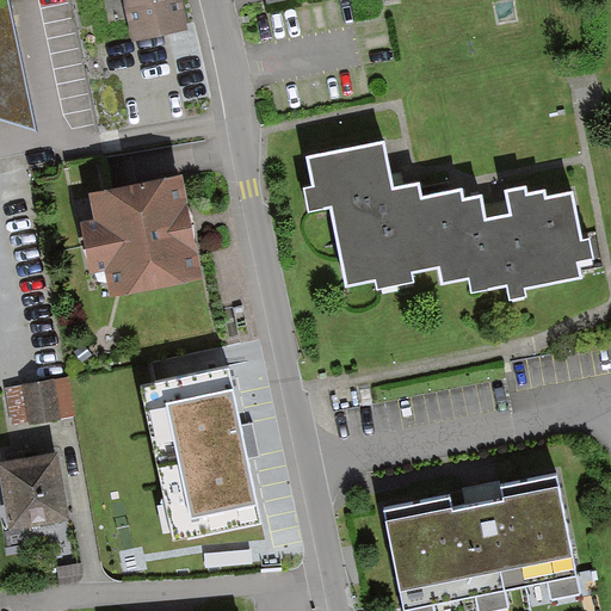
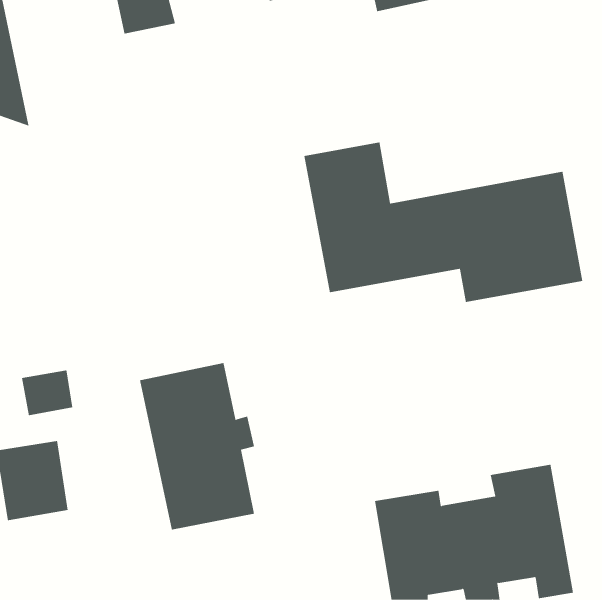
building: [81,177,199,297] -> none

